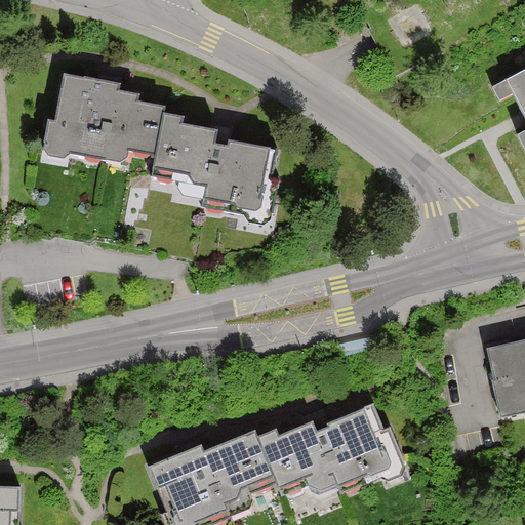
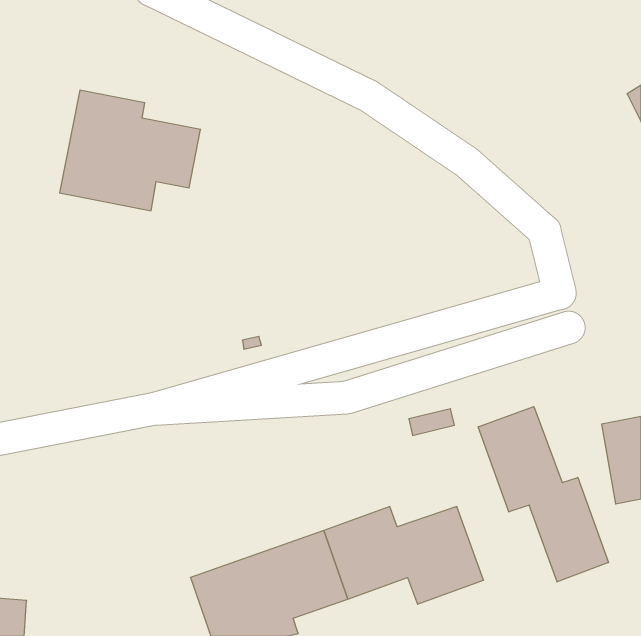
building: [149,105,274,223] -> none
building: none -> [478,407,608,582]

